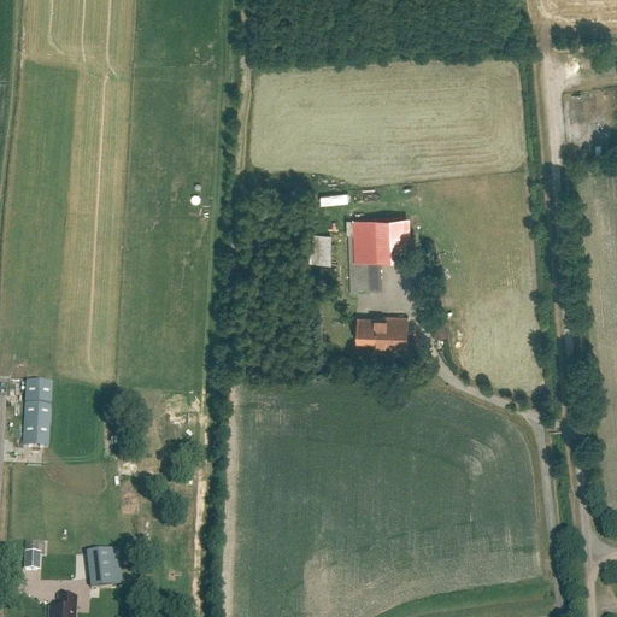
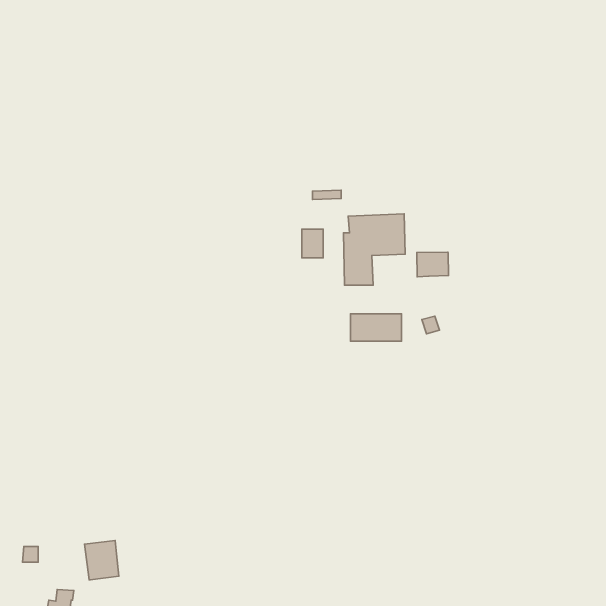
building: none -> [417,252,448,277]
building: [22,383,51,449] -> none

